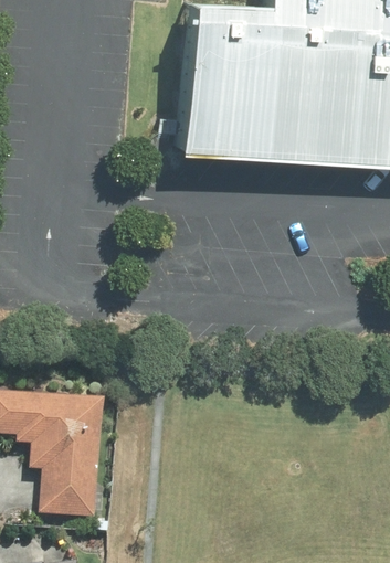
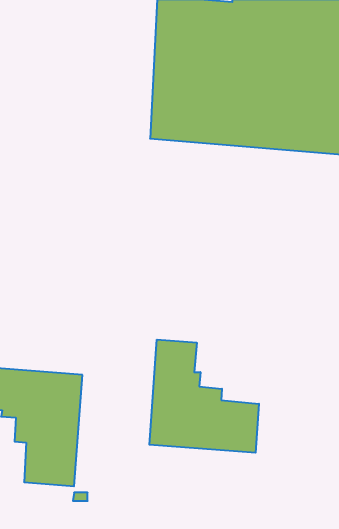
building: none -> [149,340,259,453]

